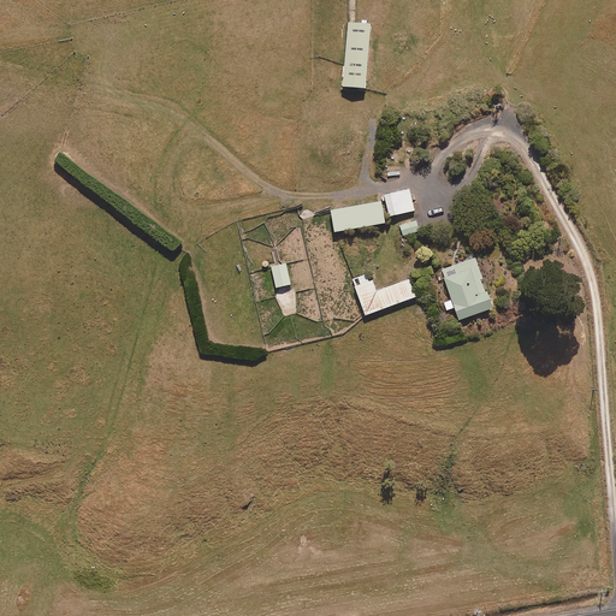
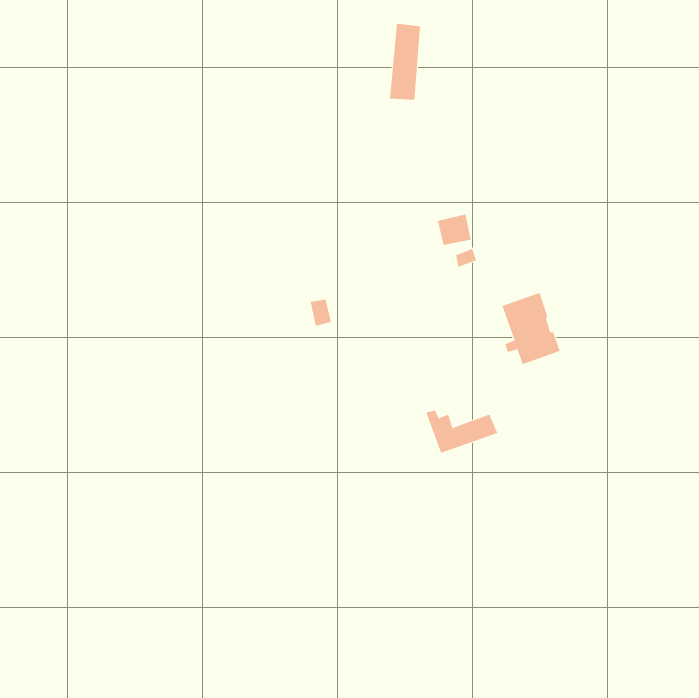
building: [328,202,384,232] -> none
building: [351,276,415,314] -> [426,410,498,454]

